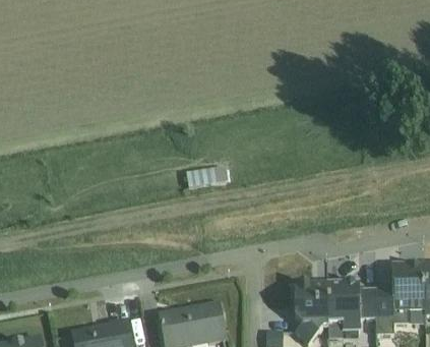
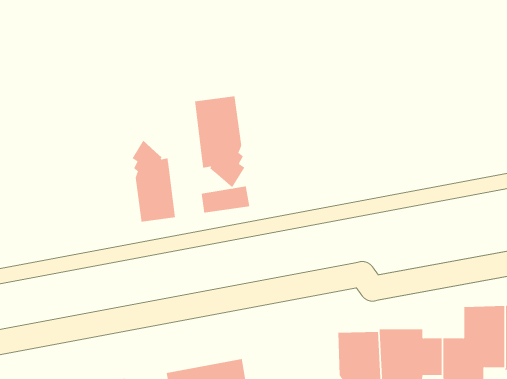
building: none -> [194,95,245,188]
building: none -> [132,140,175,223]

